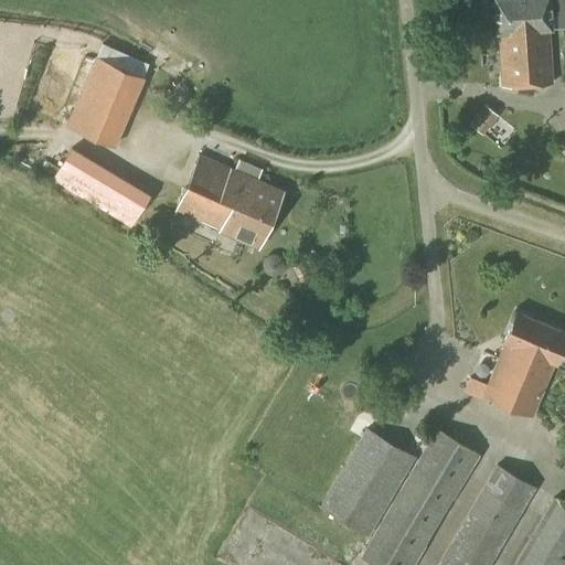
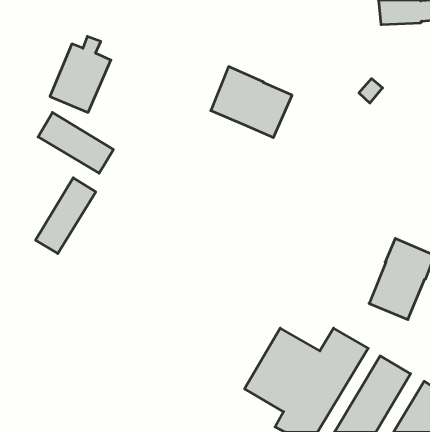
building: [501,30,555,86] -> none
building: [178,154,284,247] -> [211,67,292,138]
building: none -> [36,178,96,254]

